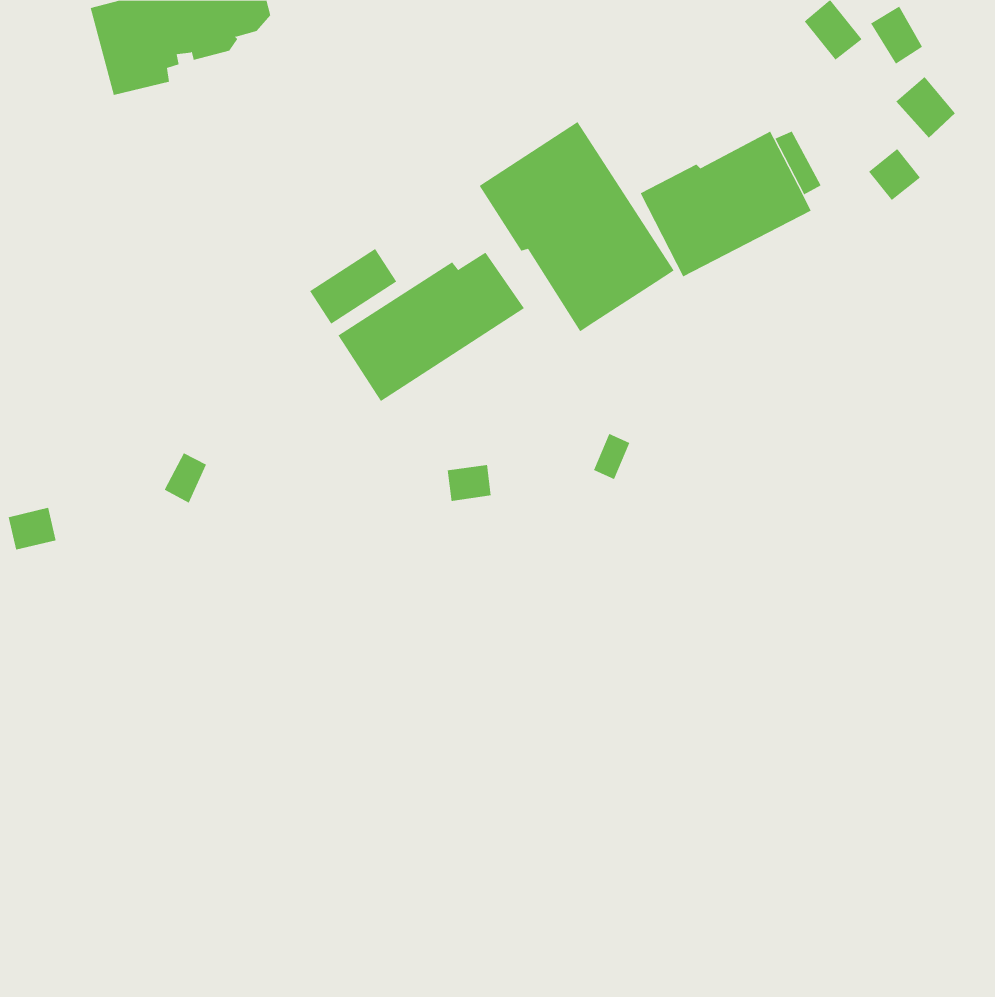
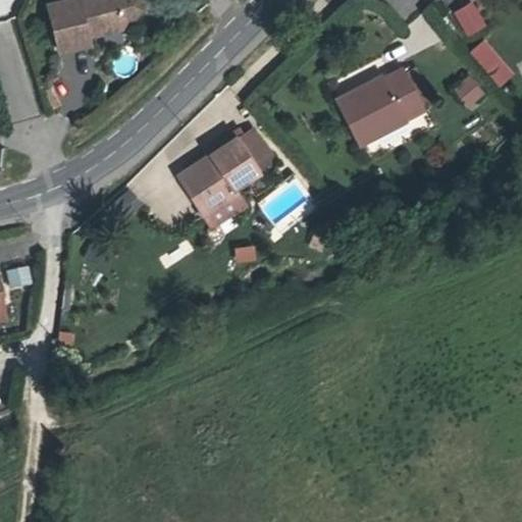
building: [479,121,674,332] -> none
building: [309,248,397,324] -> [200,188,246,227]

